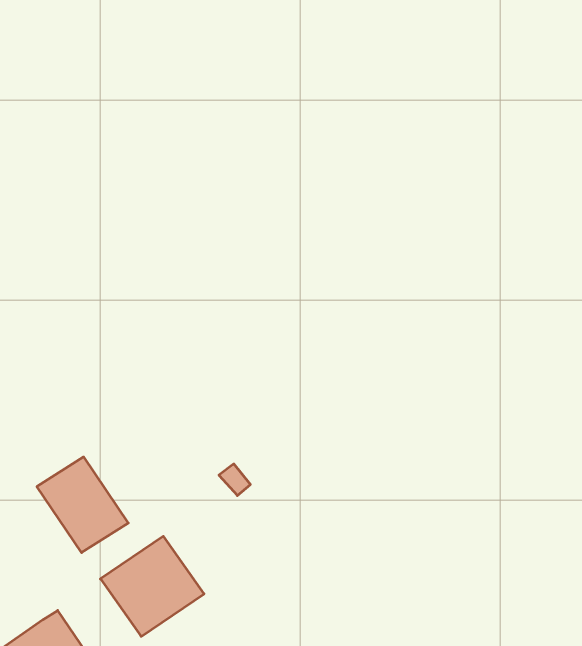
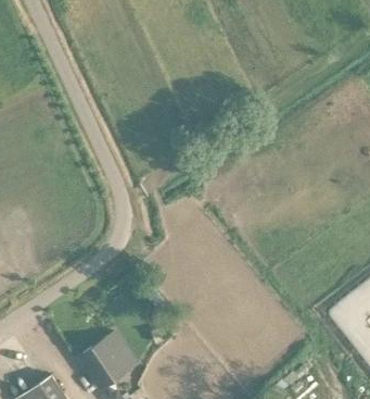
building: [37,457,128,553] -> none

